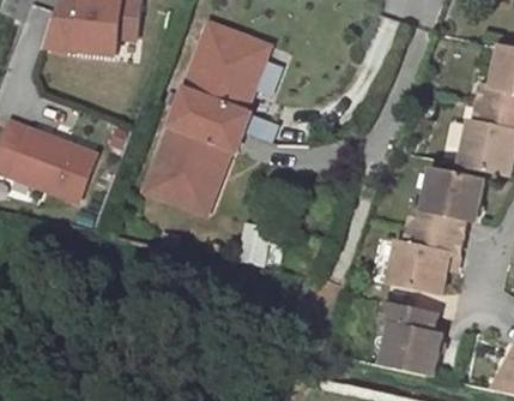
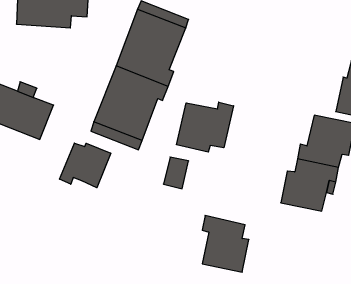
building: none -> [177,102,234,152]
building: none -> [60,143,111,188]
building: [380,303,440,376] -> [202,215,249,272]

